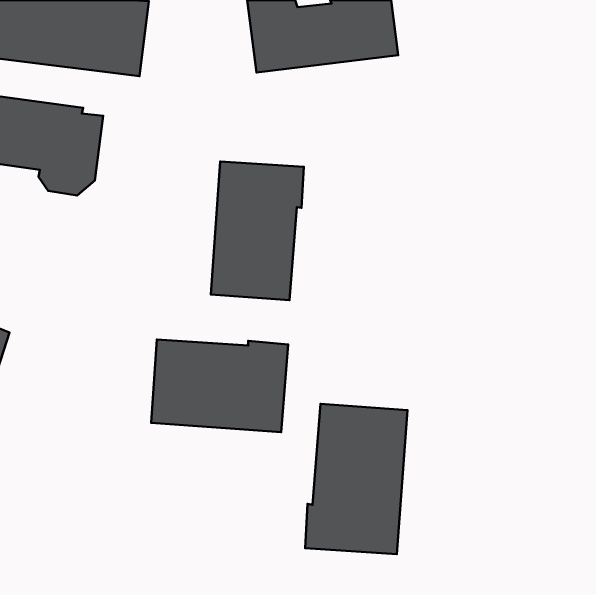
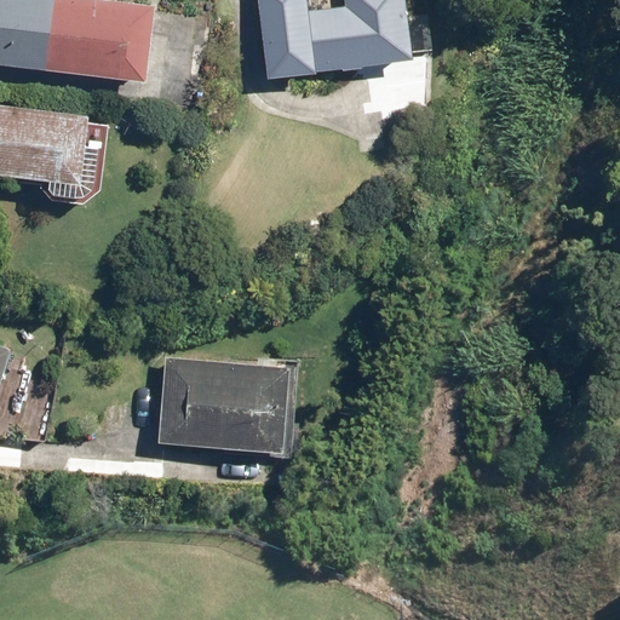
building: [211,162,304,300] -> none
building: [305,404,407,554] -> none

